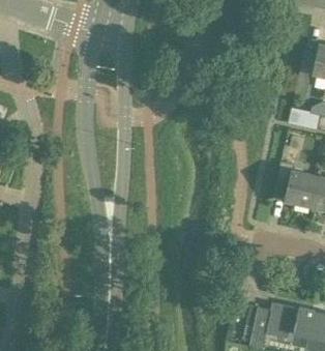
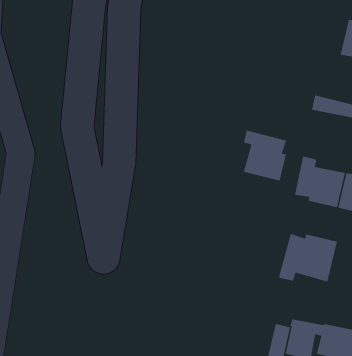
building: none -> [243,129,287,182]
building: none -> [278,233,338,283]

